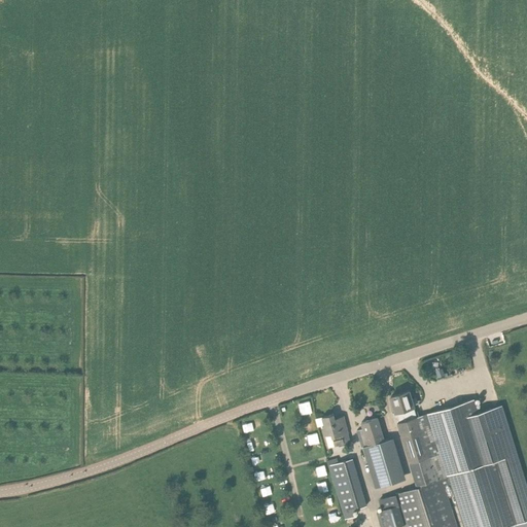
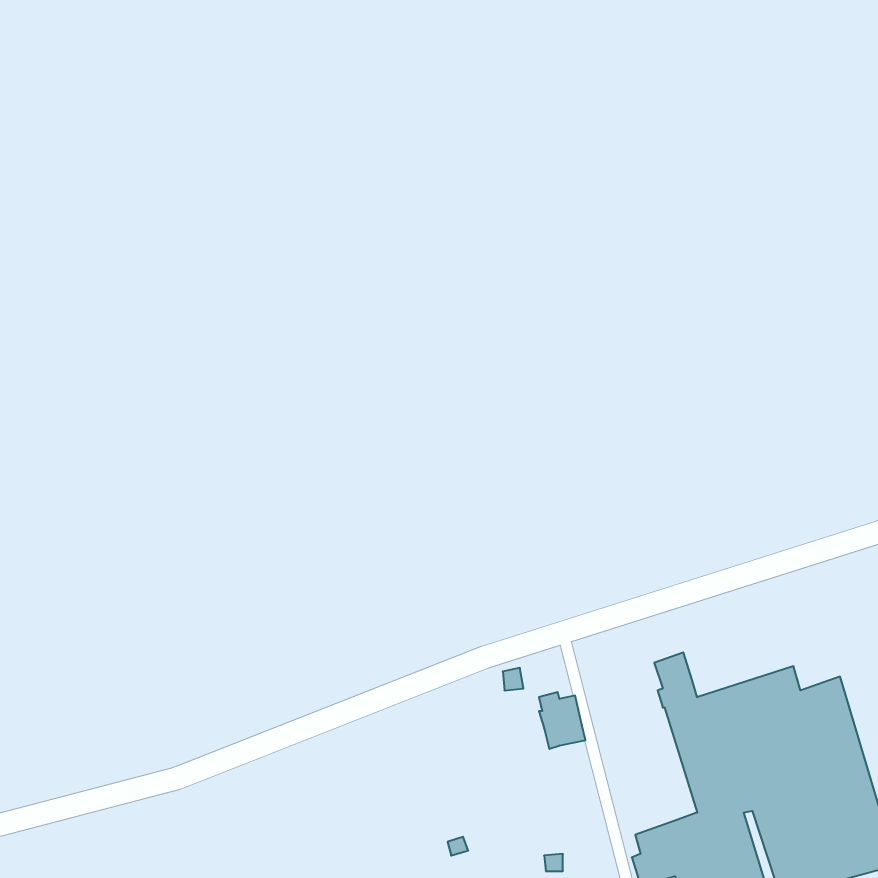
building: [362,418,401,489] -> none
building: [330,461,362,514] -> none

